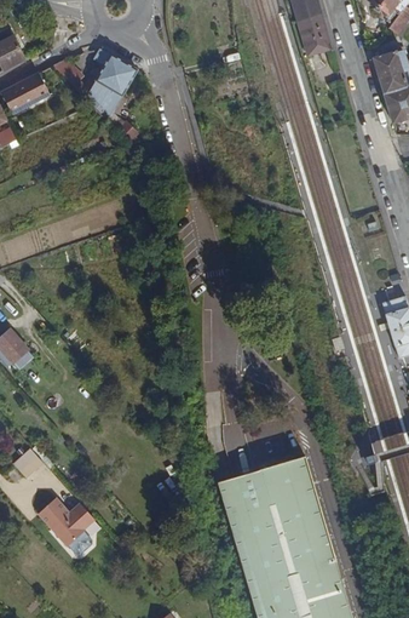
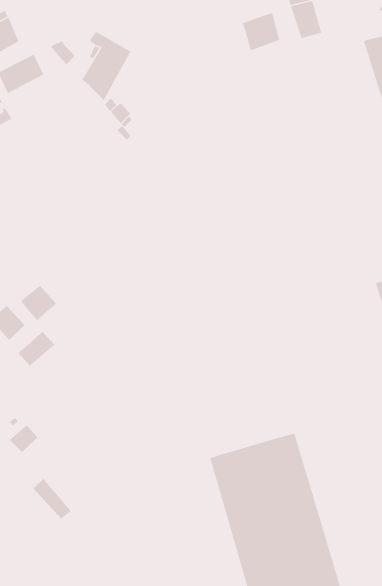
building: none -> [242,13,280,51]
building: none -> [20,285,57,321]
building: none -> [18,331,56,367]
building: [48,497,94,537] -> none

